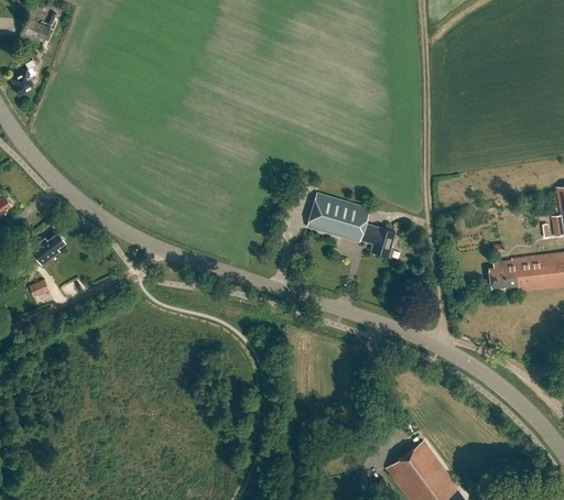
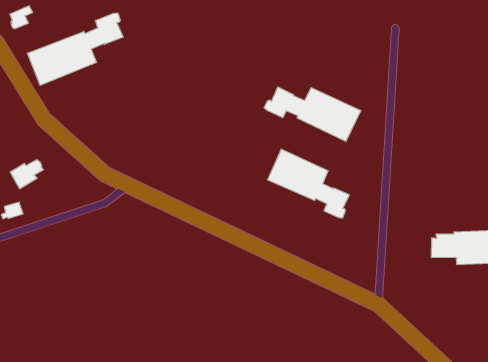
building: none -> [27,13,123,85]
building: none -> [264,87,361,142]

